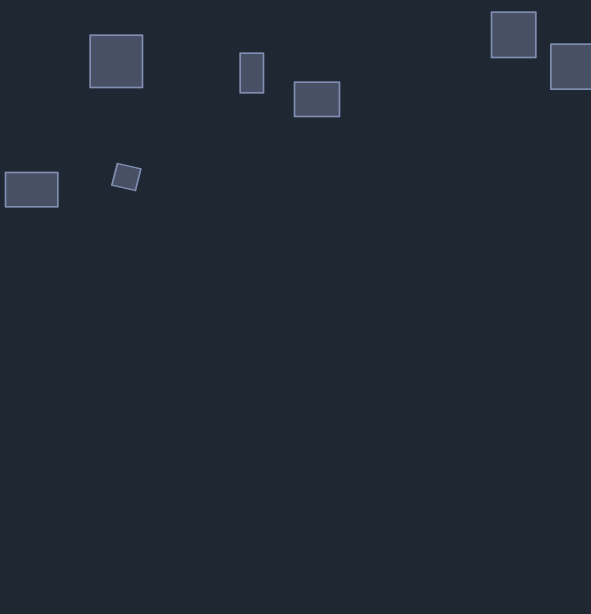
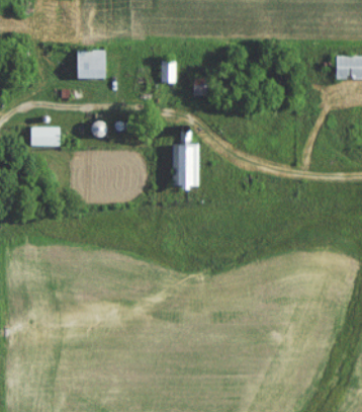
building: [491,12,536,58] -> none
building: none -> [172,127,198,190]

